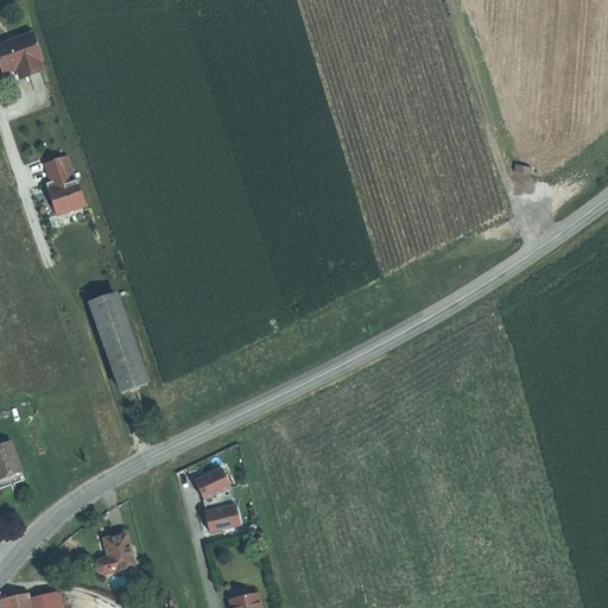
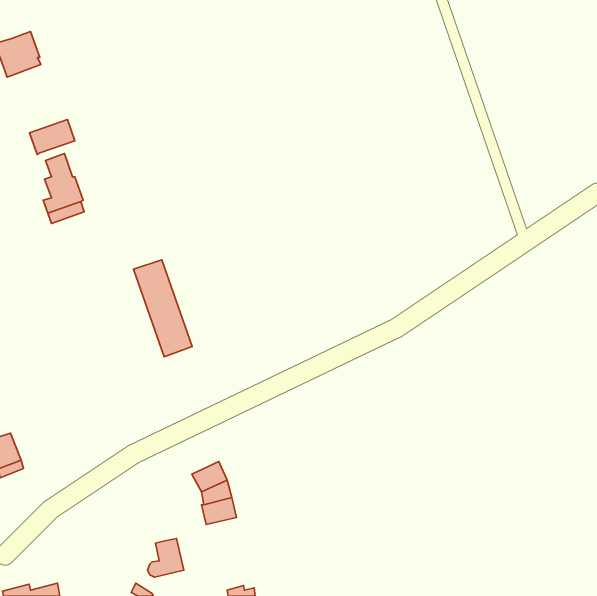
building: none -> [30,119,75,154]
building: [89,292,148,391] -> [134,260,192,357]
building: [96,533,133,572] -> [147,538,184,577]

